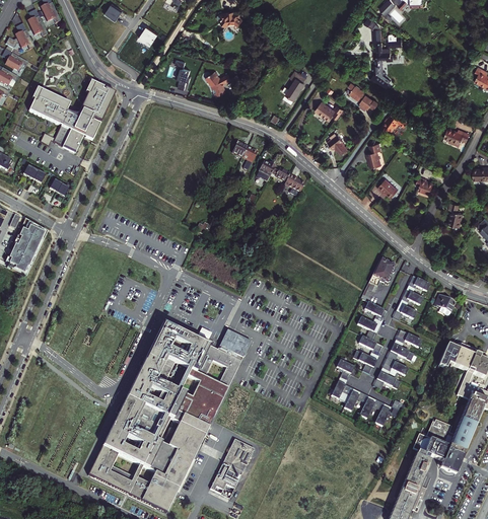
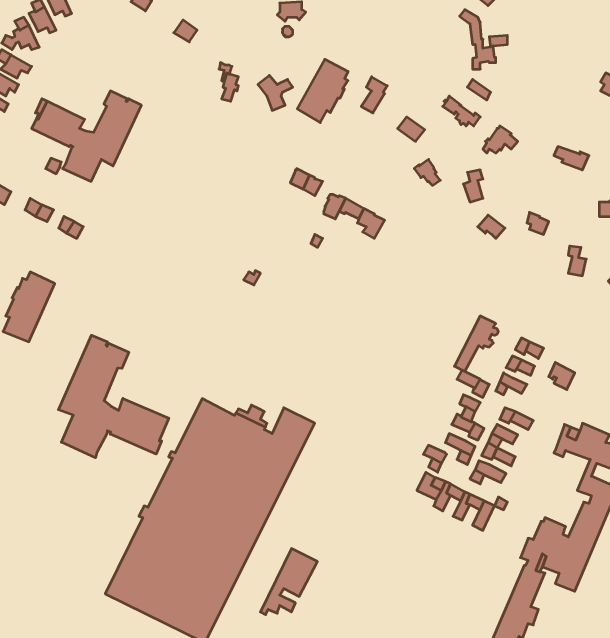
building: none -> [297,59,348,123]
building: none -> [58,335,169,458]

